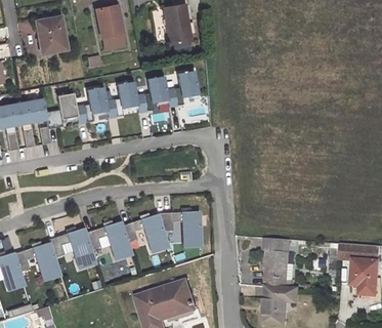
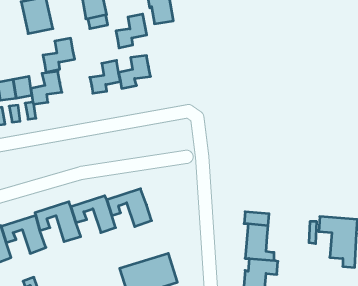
building: [165,71,197,106] -> [116,14,147,48]
building: [74,87,107,122] -> [43,38,75,72]
building: [157,211,201,247] -> none

